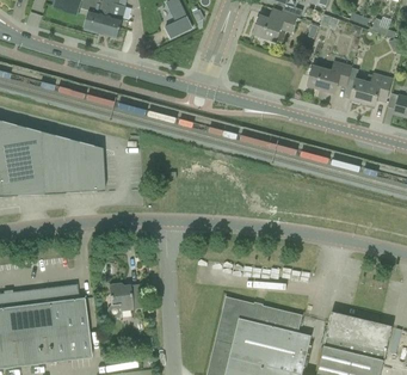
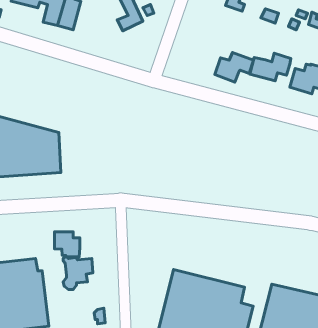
building: [254,10,296,42] -> [215,52,254,82]
building: none -> [55,232,80,257]

